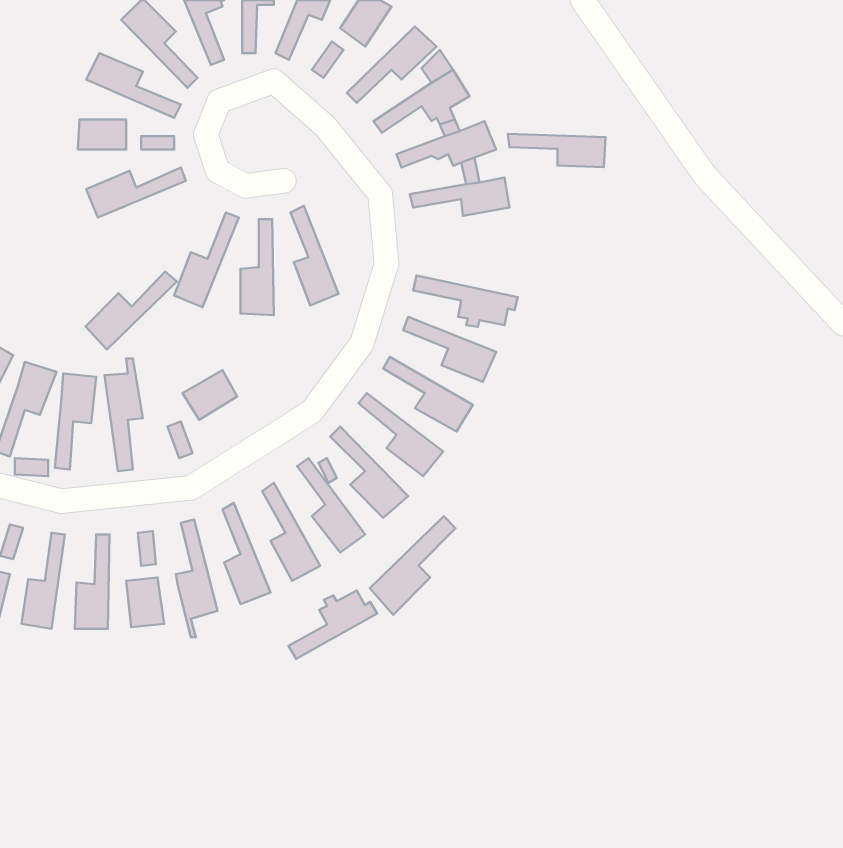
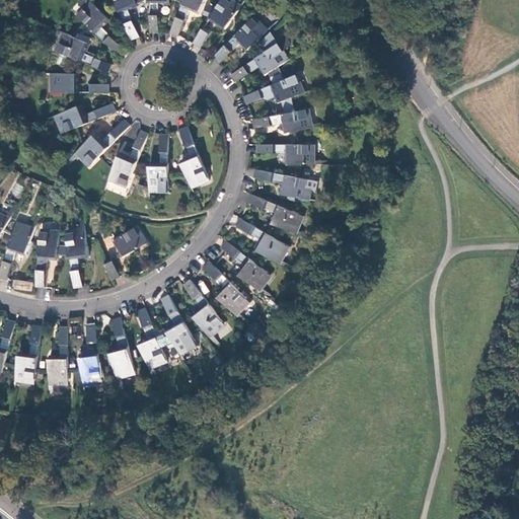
building: [508,134,606,167] -> [254,143,314,163]
building: [85,272,177,350] -> [73,120,129,167]
building: [370,516,456,615] -> none
building: [288,590,377,659] -> none

